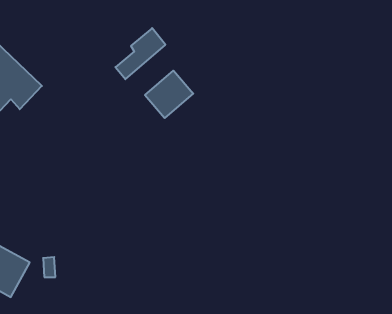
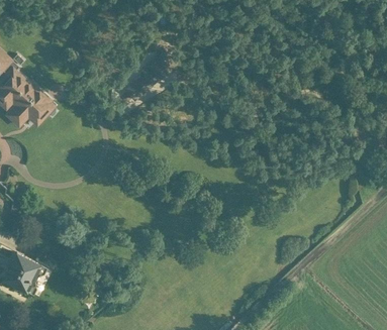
building: [145,71,193,118] -> none

